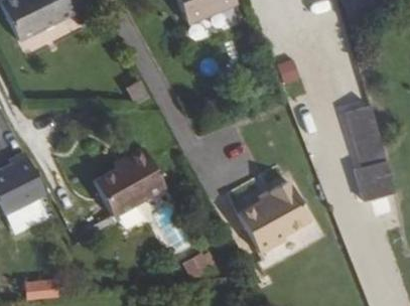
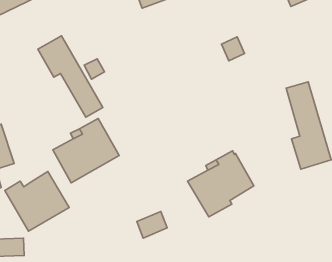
building: none -> [38,36,103,117]
building: none -> [5,172,69,231]

